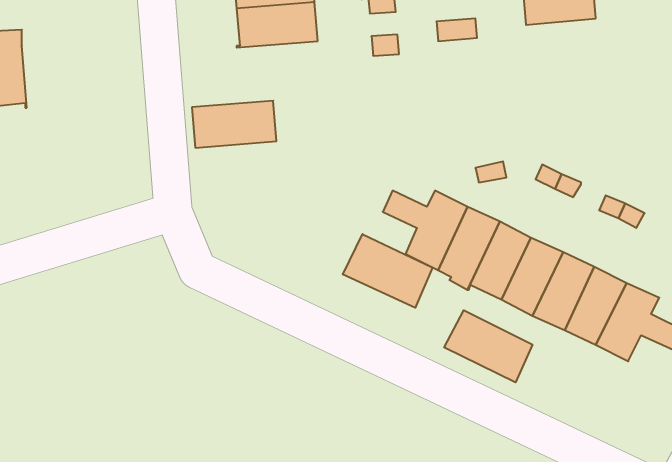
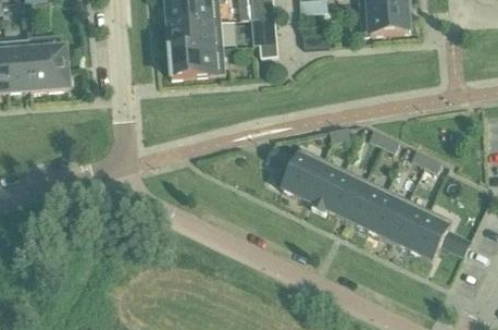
building: none -> [24,45,61,91]
building: [192,101,276,148] -> [167,47,224,78]
building: [343,234,433,308] -> none
building: [444,310,532,382] -> none

